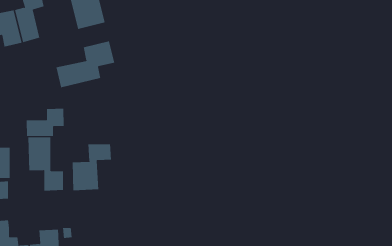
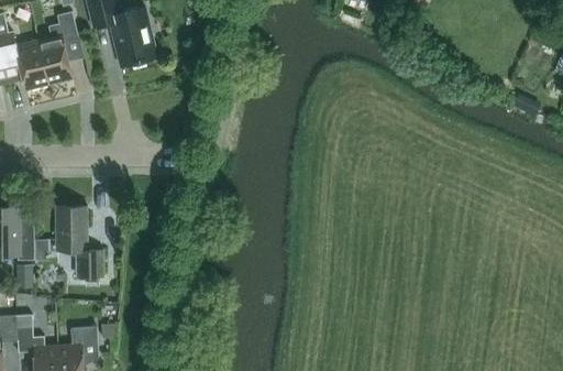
building: [56,40,115,88] -> none
building: [26,108,64,137] -> none
building: [72,143,111,191] -> none

